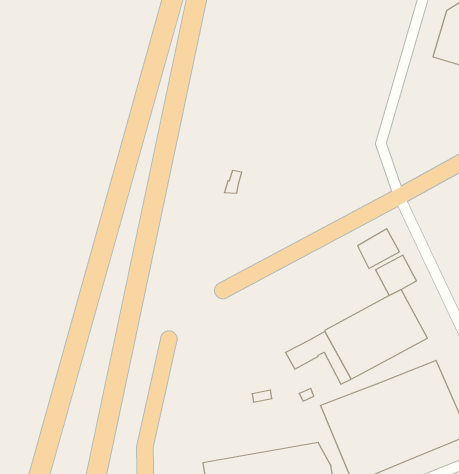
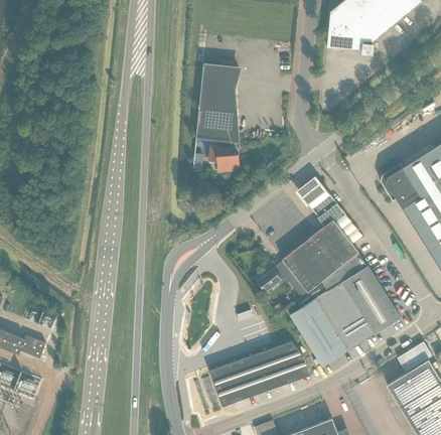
building: none -> [196,62,242,169]
building: none -> [321,252,368,291]

